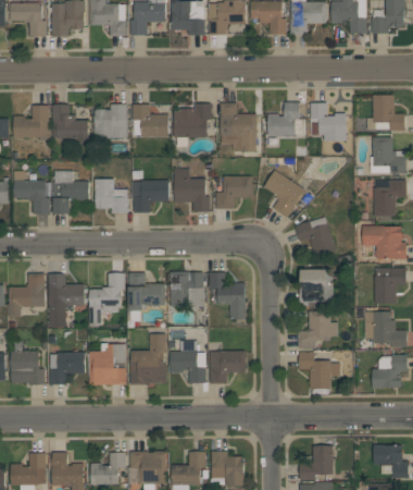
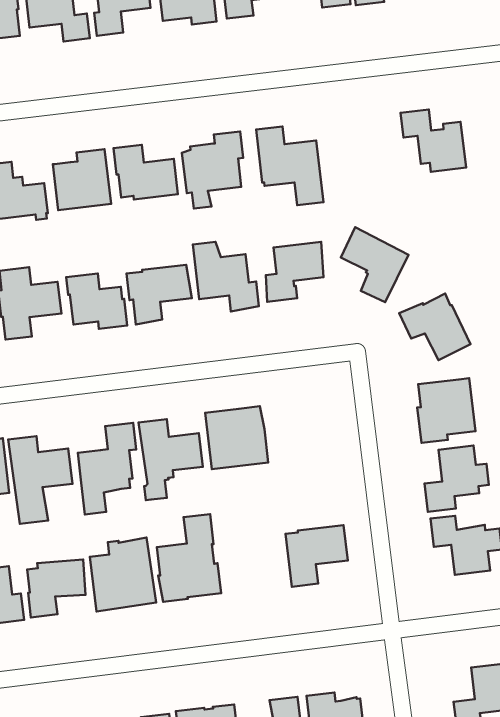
building: [267,102,301,136] -> none
building: [209,272,246,320] -> none
building: [171,341,206,383] -> none

